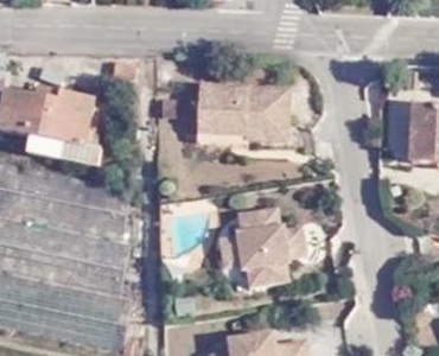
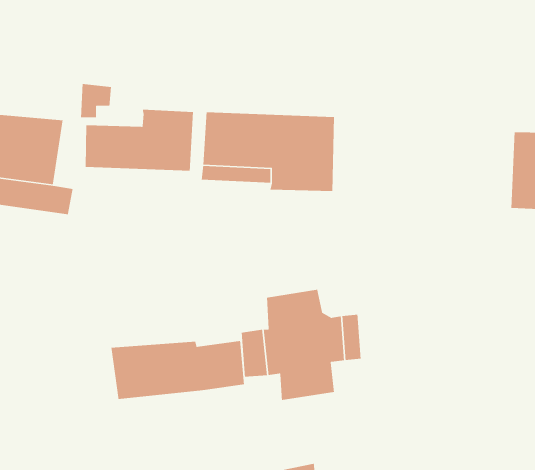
building: none -> [85,109,194,172]
building: none -> [111,340,245,400]

